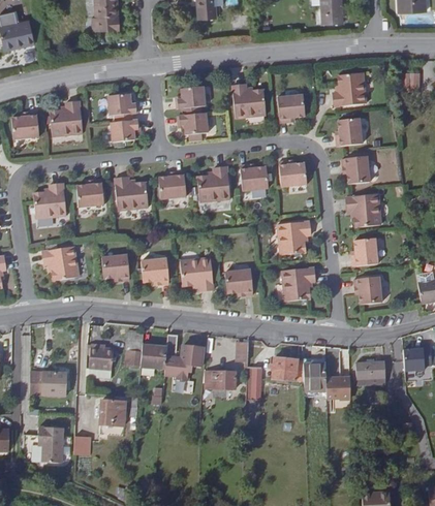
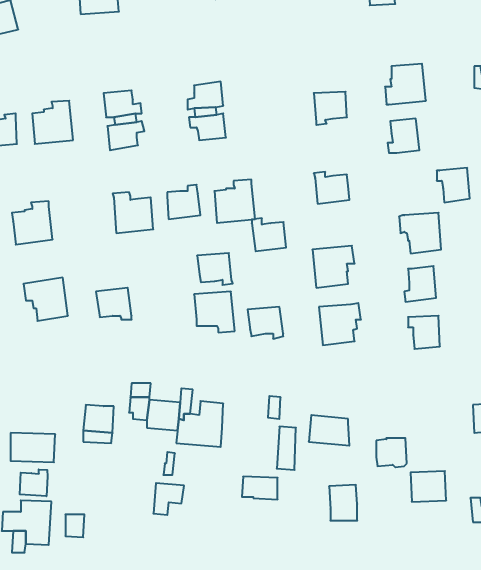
building: [230,86,265,119] -> none
building: [343,155,370,183] -> [437,168,470,202]
building: [239,163,267,190] -> [252,218,286,251]
building: [75,179,103,207] -> none
building: [139,258,168,284] -> [197,253,233,285]
building: [359,360,387,385] -> [411,471,446,502]
building: [305,362,328,391] -> [329,485,357,521]
building: [208,371,237,389] -> [242,477,278,499]
building: [102,401,127,426] -> [153,483,184,515]
building: none -> [20,469,48,496]

